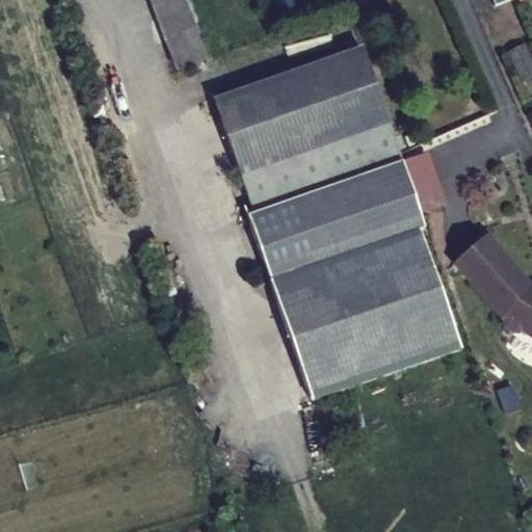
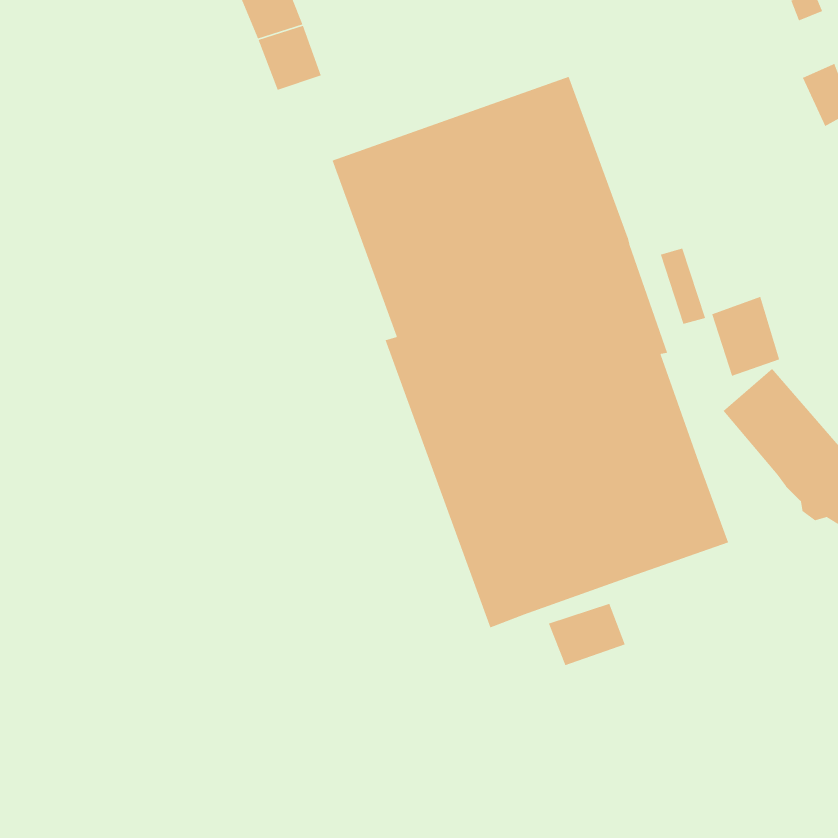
building: none -> [711,296,780,377]
building: none -> [548,603,626,666]

